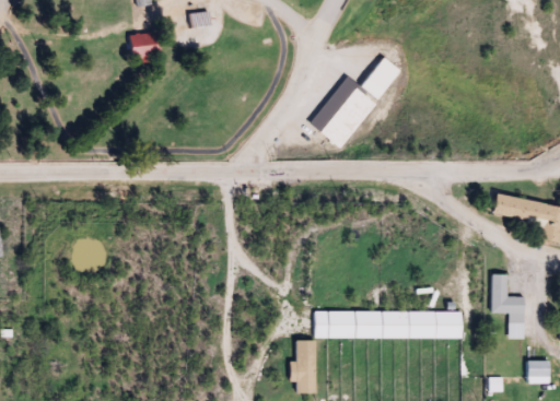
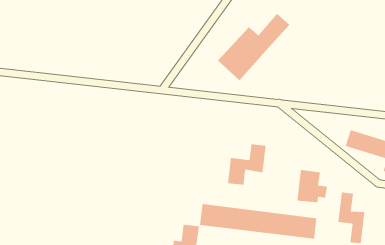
building: none -> [227,143,266,186]
building: none -> [297,169,328,203]

